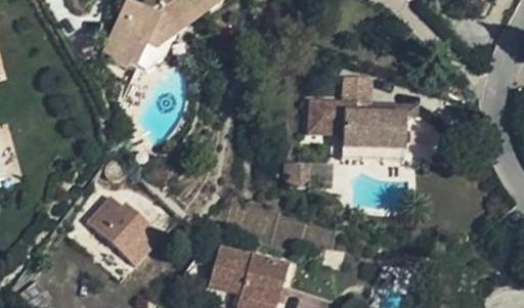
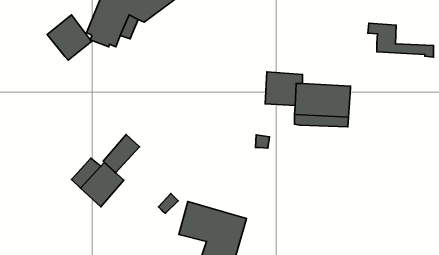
building: none -> [47,15,91,60]
building: [342,76,418,115] -> [368,23,434,57]
building: [120,220,162,264] -> [103,135,140,173]

